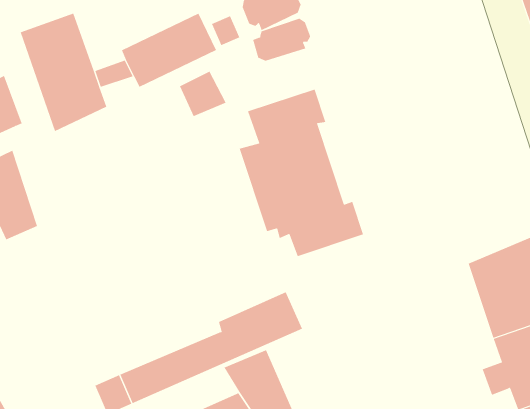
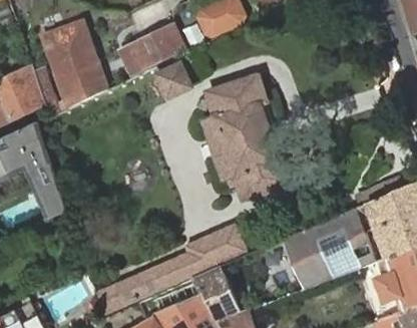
building: [253,18,311,62] -> none
building: none -> [32,177,66,220]
building: none -> [280,208,374,289]

